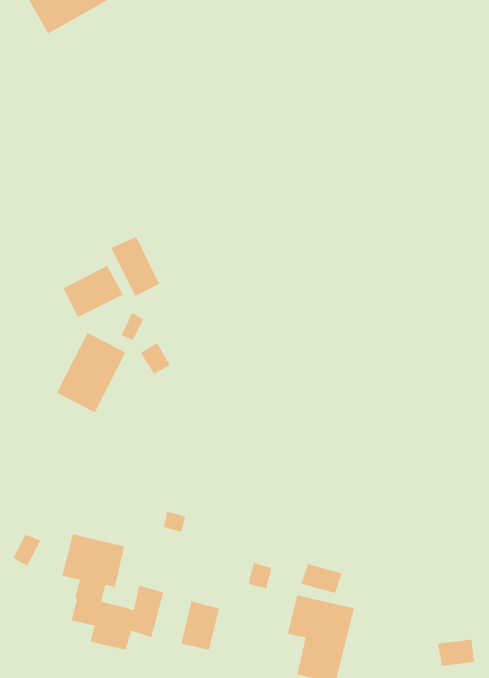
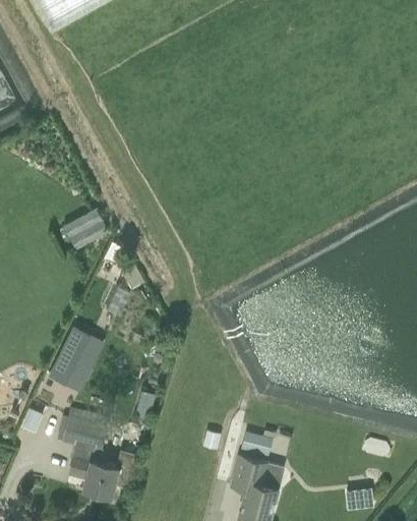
building: [110,236,160,297] -> none
building: [56,332,126,413] -> [48,333,101,394]
building: [181,600,219,651] -> none

